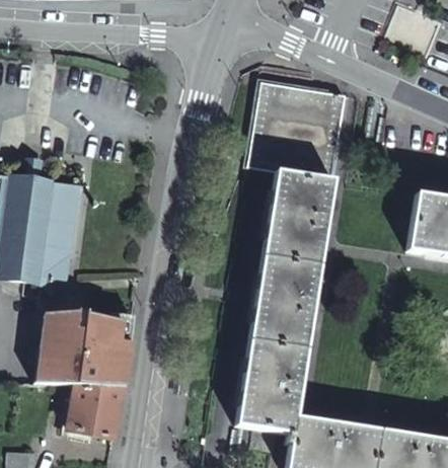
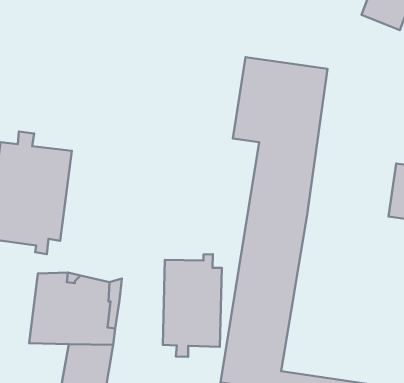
building: none -> [163,254,222,357]

